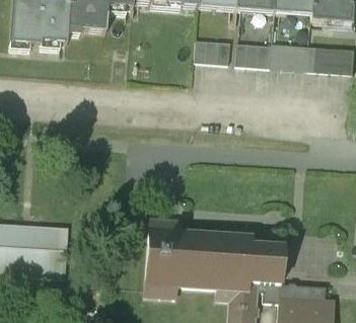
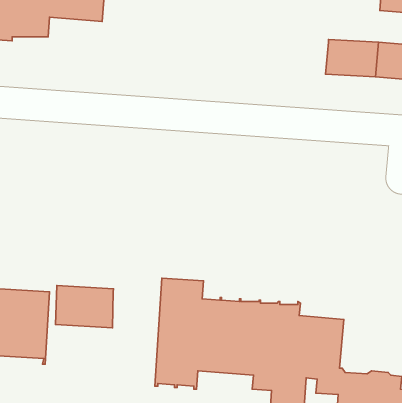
building: [194,39,230,66] -> none
building: [235,43,272,69] -> none
building: none -> [55,286,114,328]

